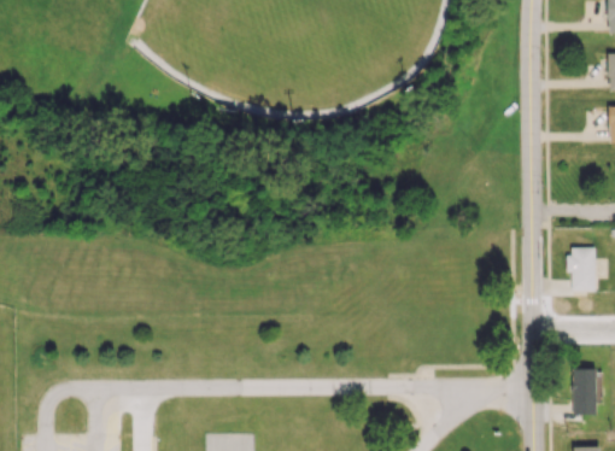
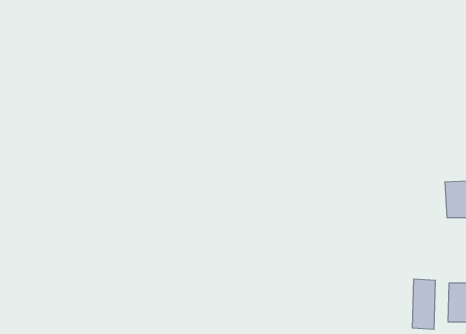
building: none -> [413,279,435,329]

